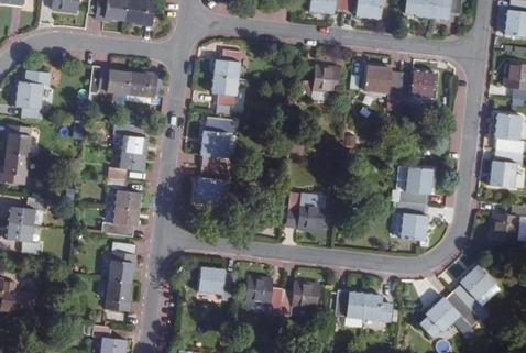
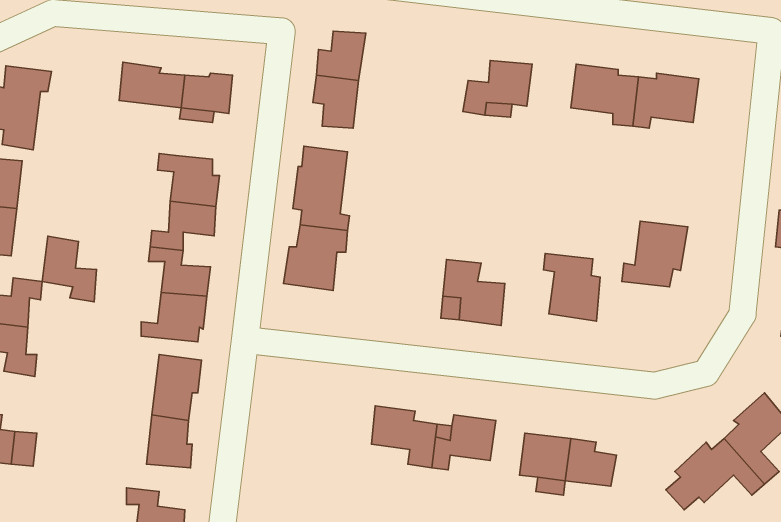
building: none -> [42,236,97,302]
building: [391,201,425,242] -> [543,253,600,321]
building: [195,265,235,298] -> none

